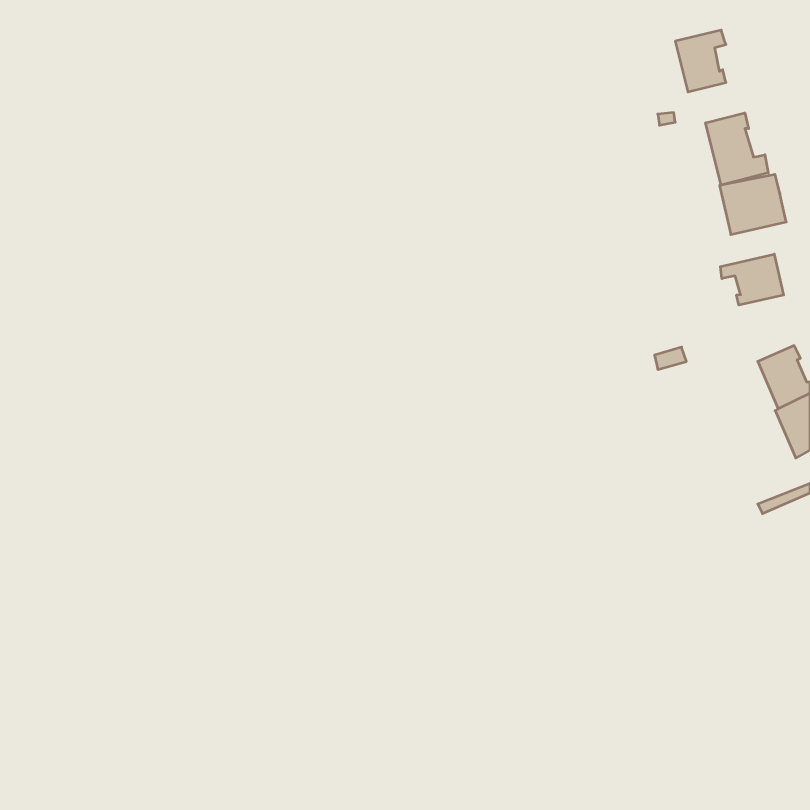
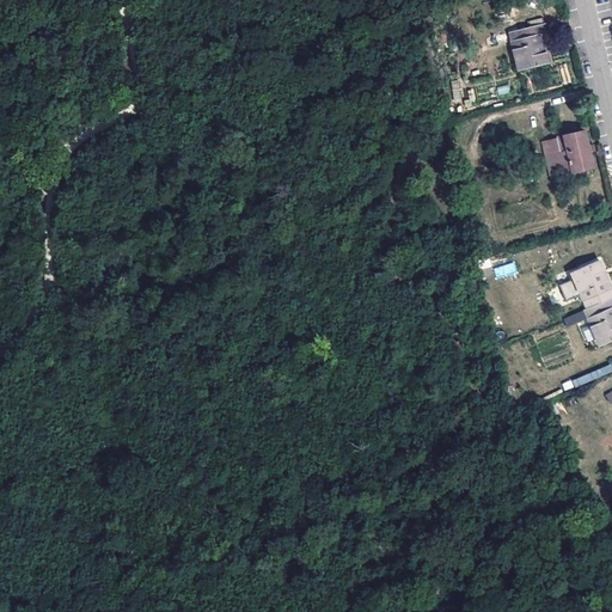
building: [706,113,768,185] -> none
building: [720,254,784,305] -> none

